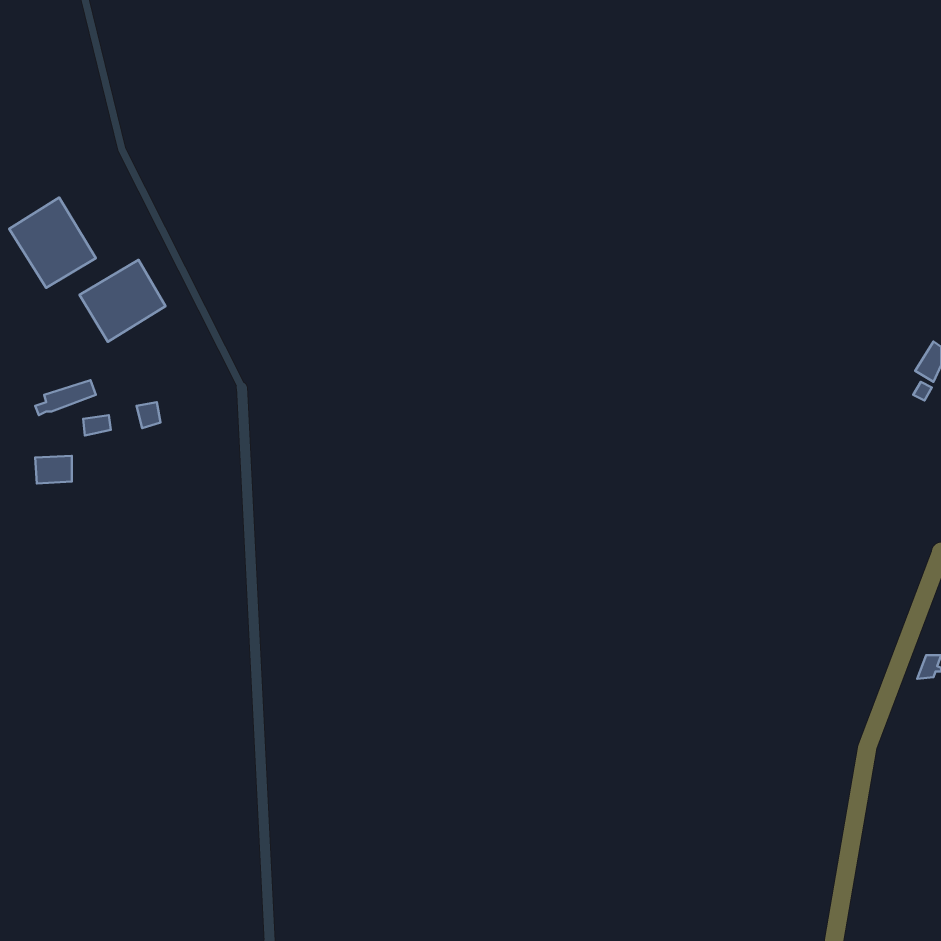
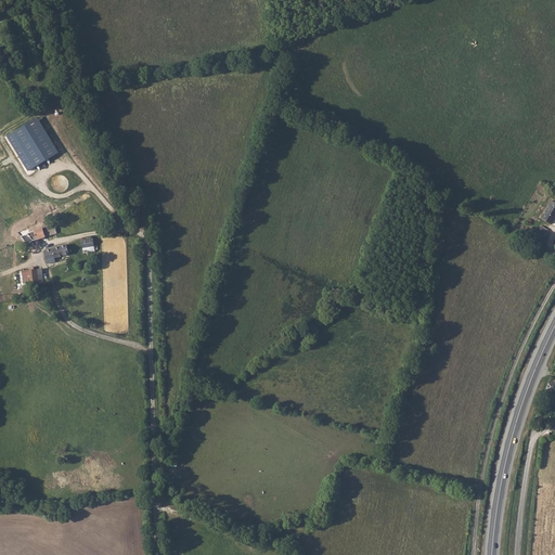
building: [80,260,165,342] -> none

